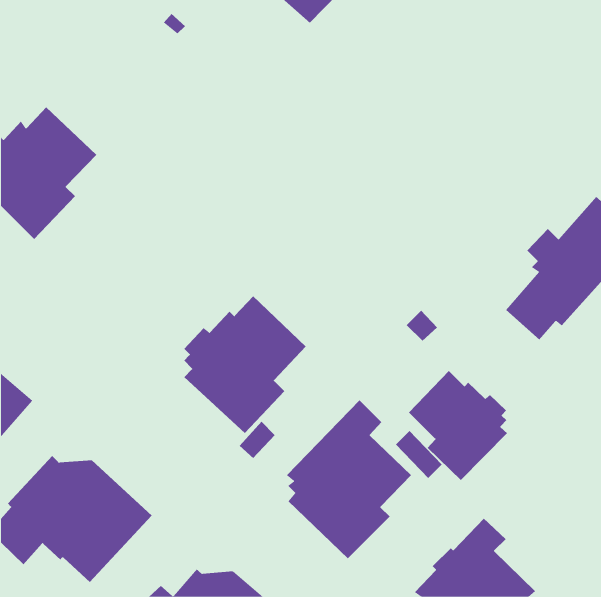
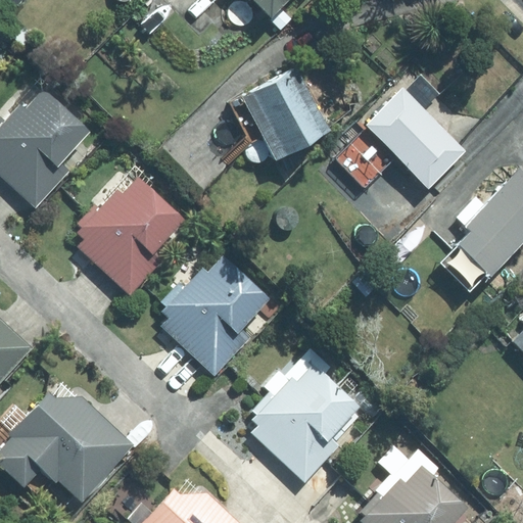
building: none -> [239,68,331,162]
building: none -> [337,91,466,190]
building: none -> [77,179,181,294]
building: [408,370,508,481] -> none

